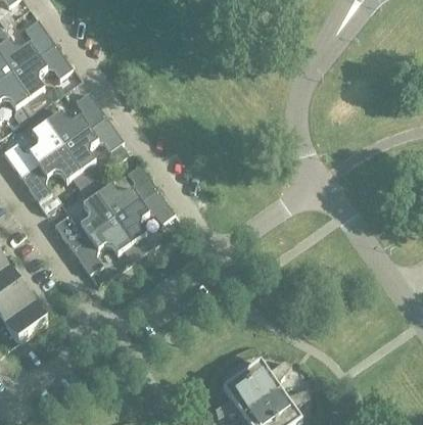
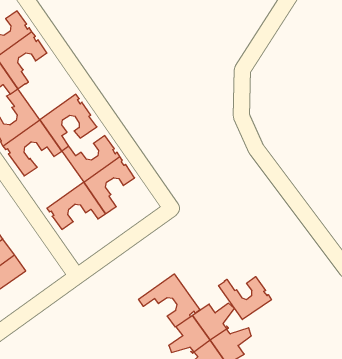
building: [38,91,105,145] -> none
building: [54,182,114,248] -> none
building: none -> [139,274,200,327]
building: none -> [219,277,271,320]

